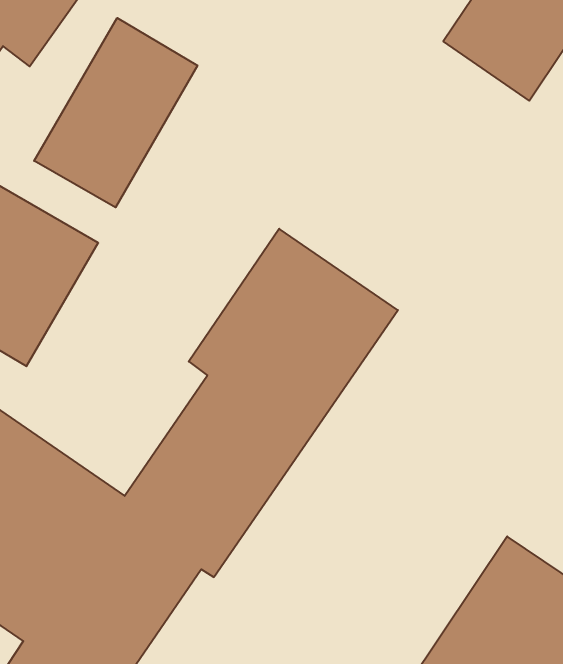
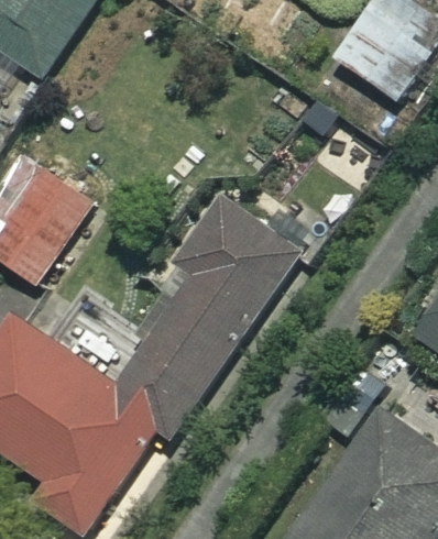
building: [34,18,197,207] -> none

